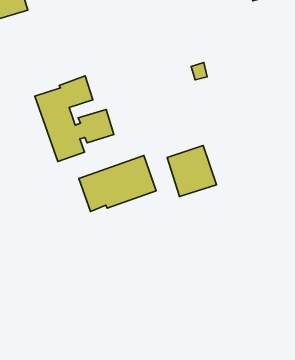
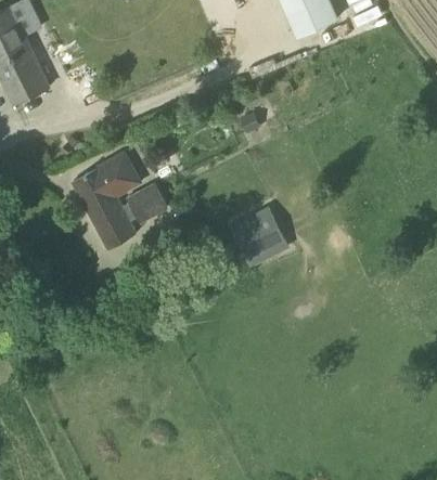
building: [79,155,156,211] -> none

